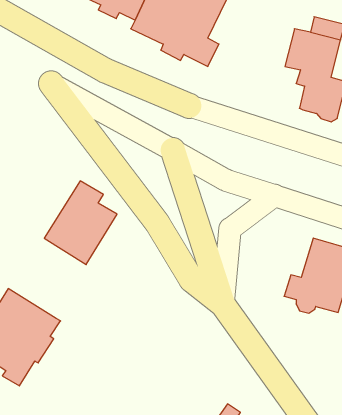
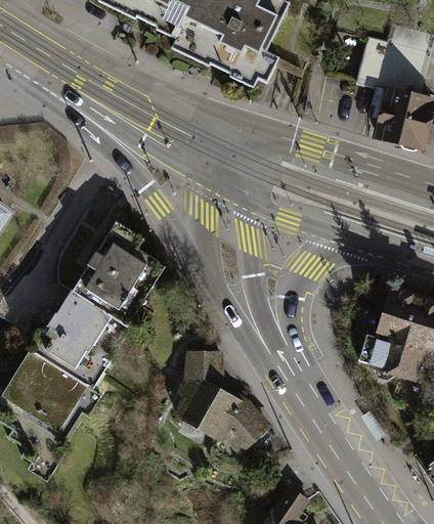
building: none -> [25,289,125,385]
building: none -> [176,351,267,445]

